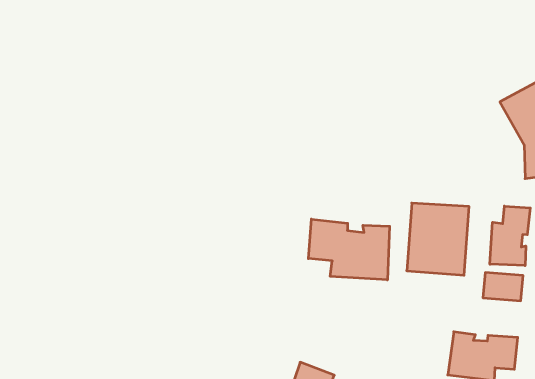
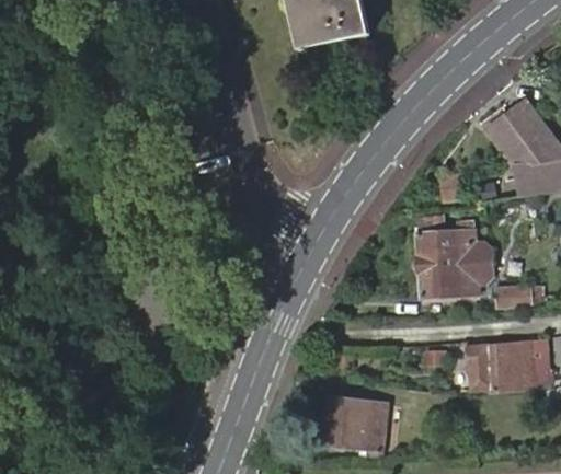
building: [490,206,530,266] -> none
building: [308,219,390,280] -> none

